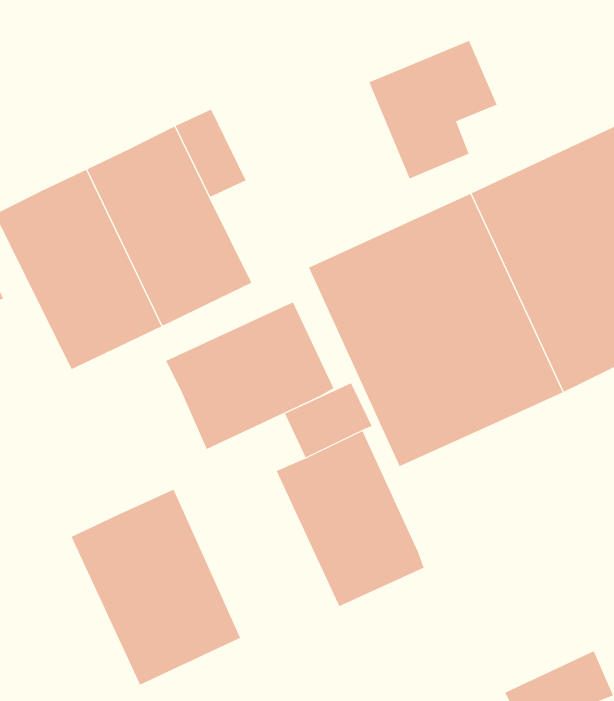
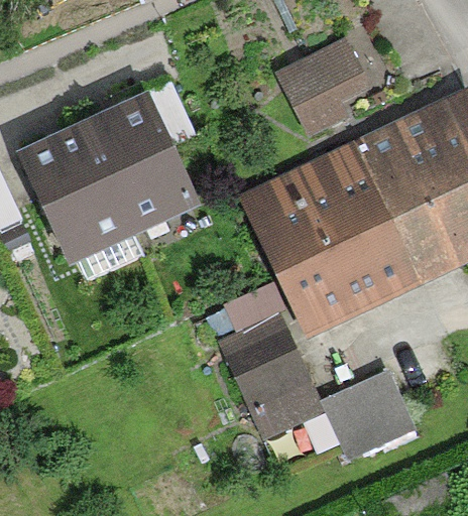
building: [166,301,334,450] -> none
building: [71,489,241,686] -> none
building: none -> [320,369,417,460]

